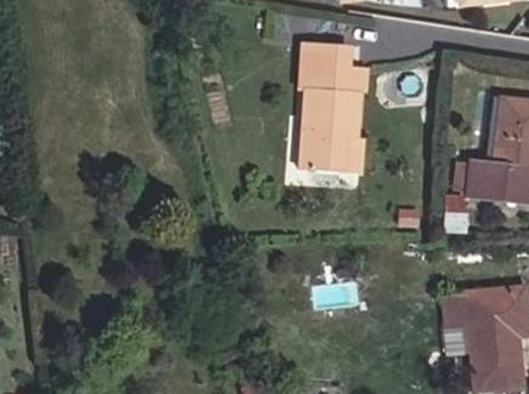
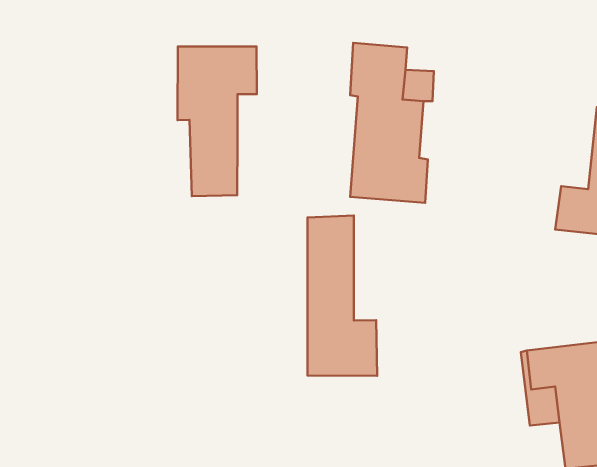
building: none -> [178,47,257,196]
building: none -> [308,216,377,376]

